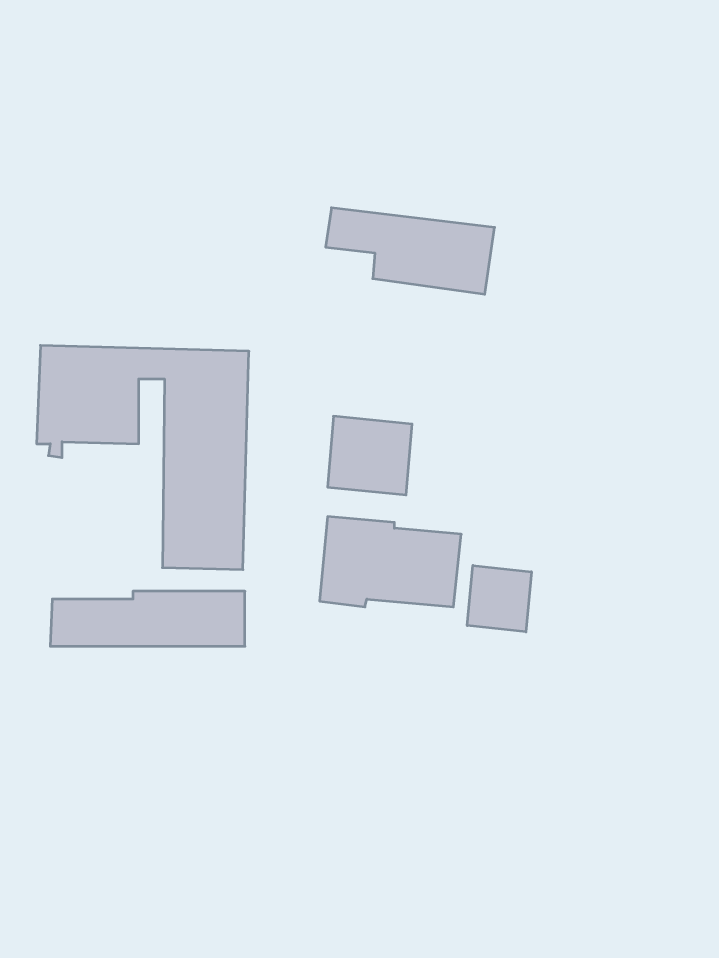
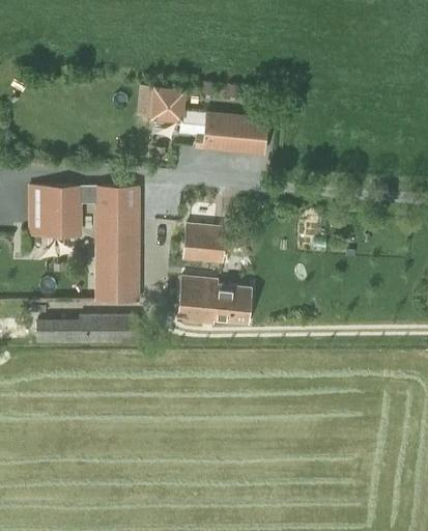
building: none -> [149,85,184,121]
building: [467,565,531,632] -> none

